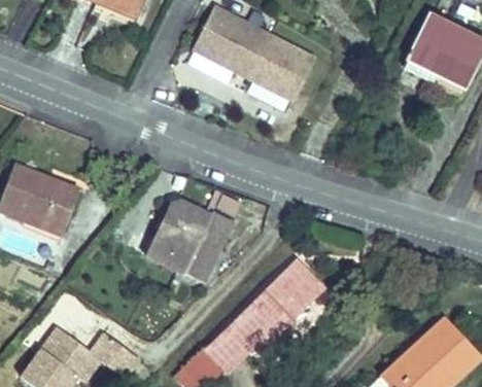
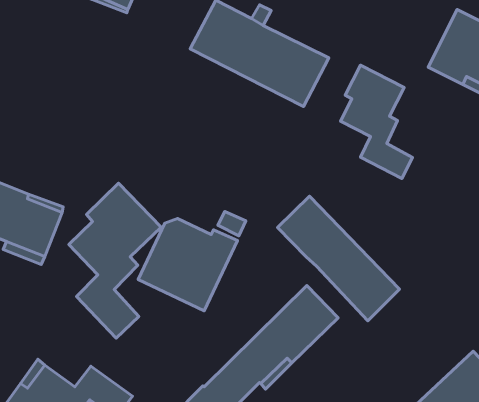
building: none -> [341,65,412,179]
building: none -> [69,183,161,338]
building: none -> [278,196,399,321]

